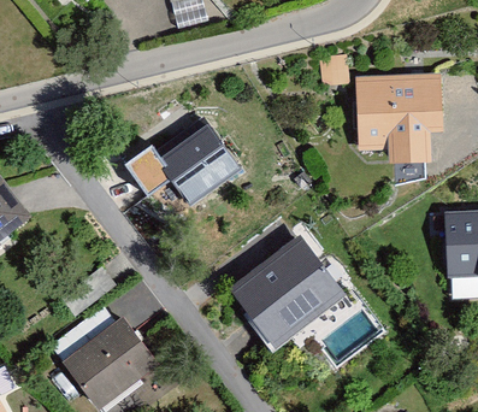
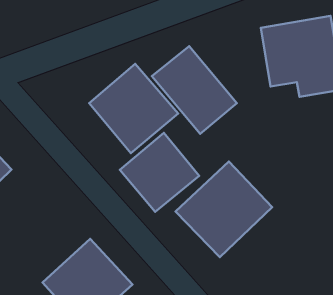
building: none -> [152,46,237,134]
building: none -> [120,133,199,212]

